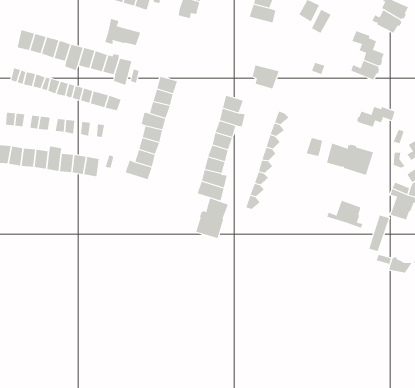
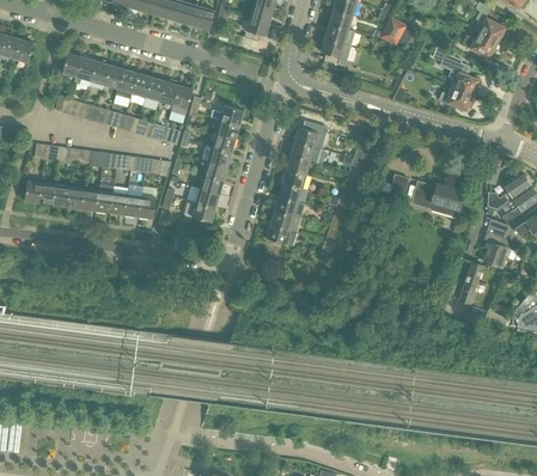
building: [104,18,141,46] -> none
building: [252,65,279,89] -> [321,38,352,66]
building: [356,106,395,127] -> none
building: [196,198,228,239] -> none
building: [327,200,363,229] -> none

